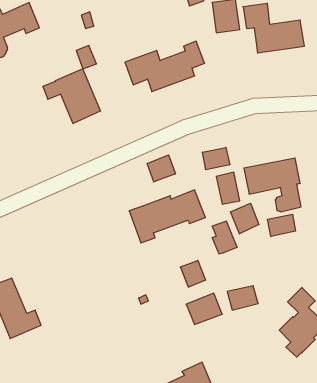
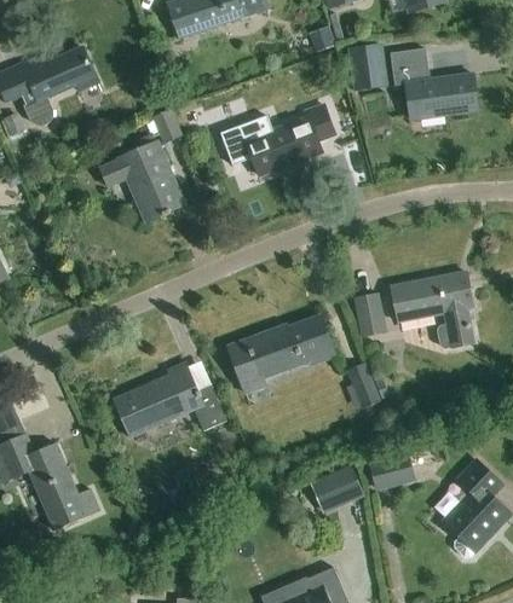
building: [203,147,230,170] -> none
building: [147,155,175,182] -> none
building: [230,203,259,234] -> none
building: [268,214,296,237] -> none
building: none -> [114,364,227,439]
building: [180,260,205,287] -> none

